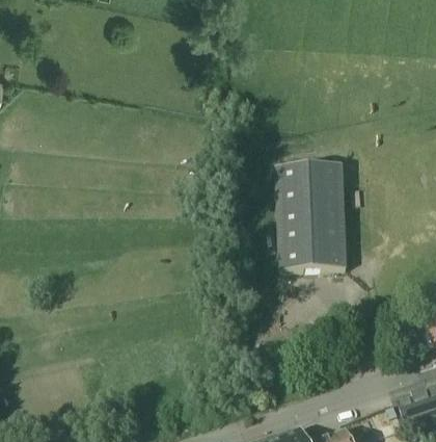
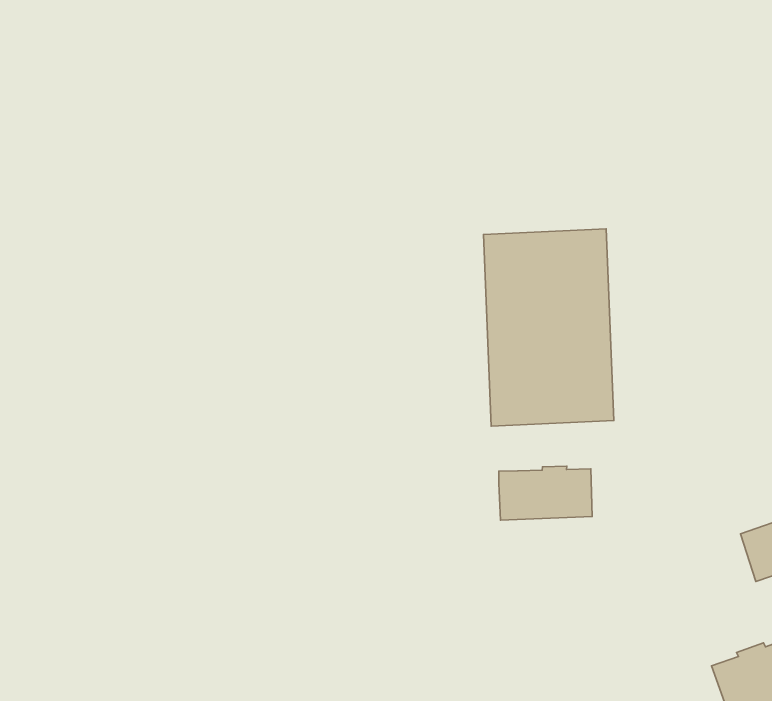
building: none -> [499,466,592,520]

